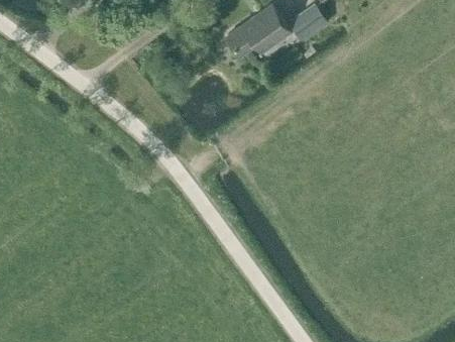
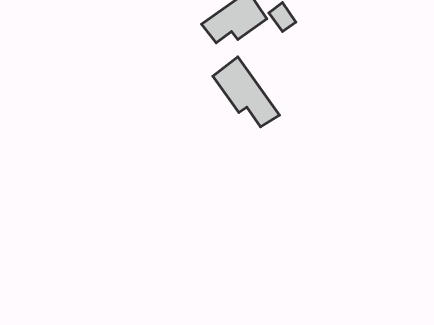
building: none -> [213,57,279,127]

